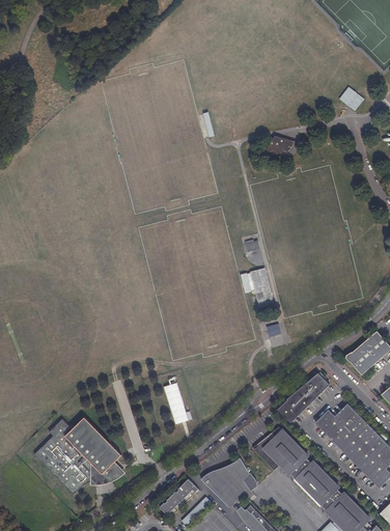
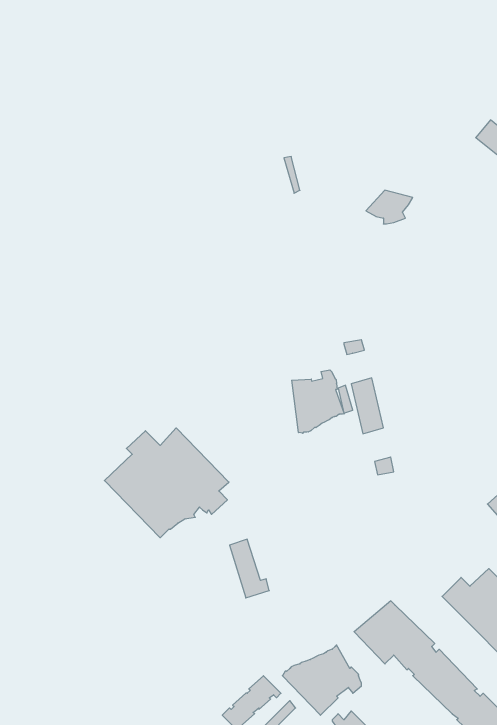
building: none -> [292,370,344,433]
building: [276,372,328,421] -> none
building: [33,417,121,495] -> [104,428,229,538]

